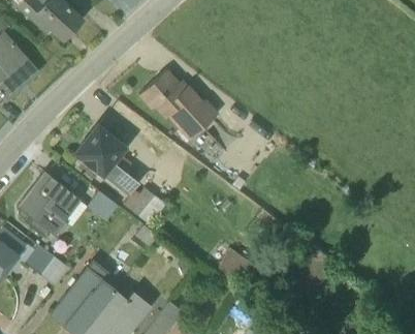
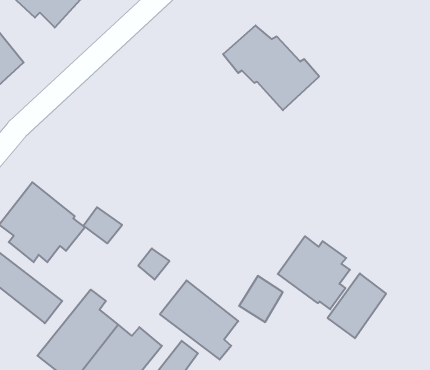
building: [139,70,219,141] -> [223,25,319,110]
building: [72,121,166,226] -> none
building: none -> [278,236,350,309]
building: none -> [160,280,238,360]

